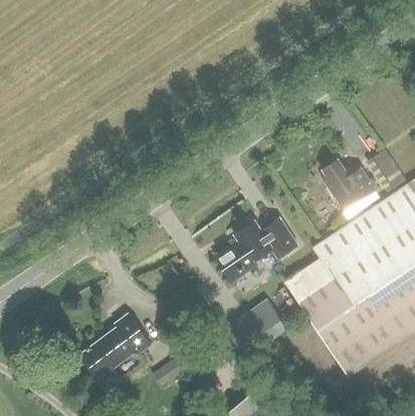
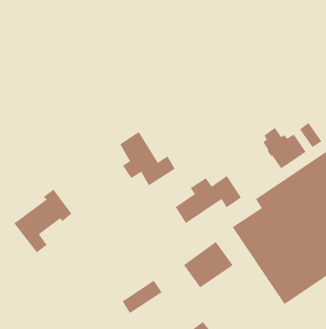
building: none -> [119,131,176,186]
building: [79,314,151,392] -> [13,189,72,253]

